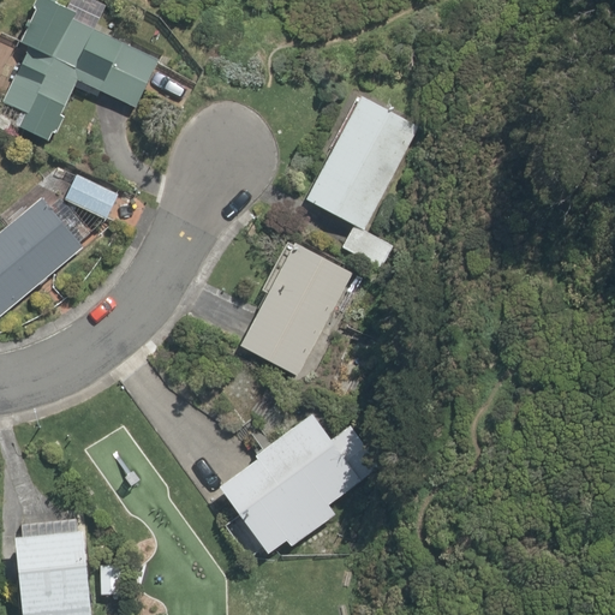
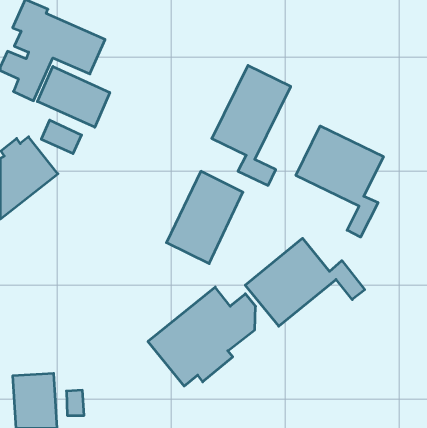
building: none -> [37,66,110,127]
building: none -> [296,126,383,237]
building: none -> [245,238,365,326]

